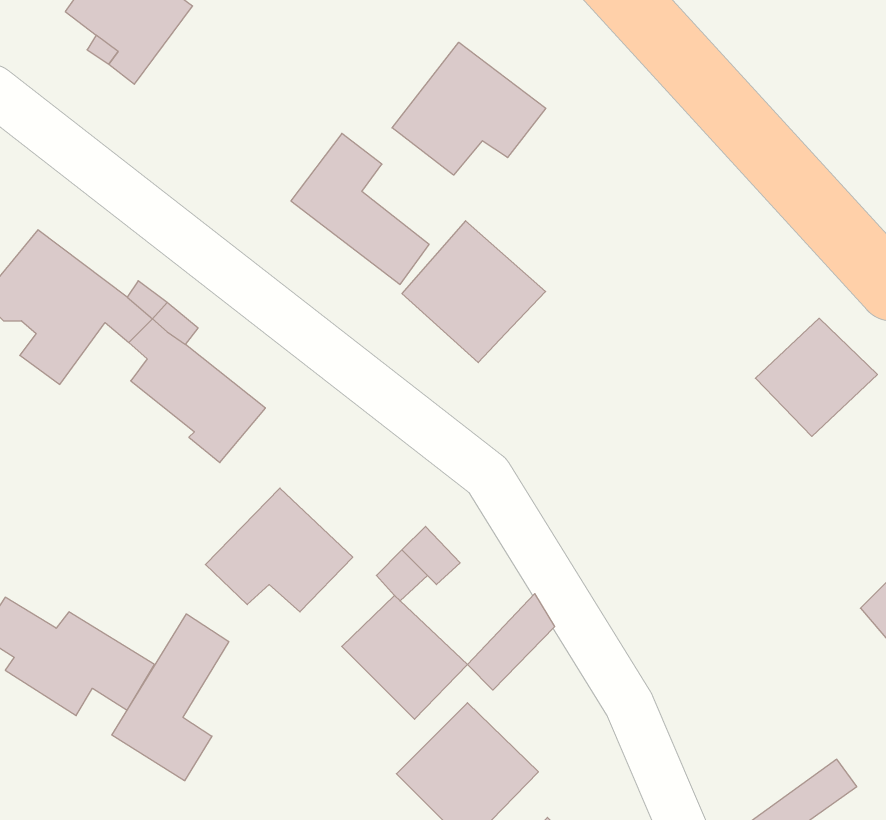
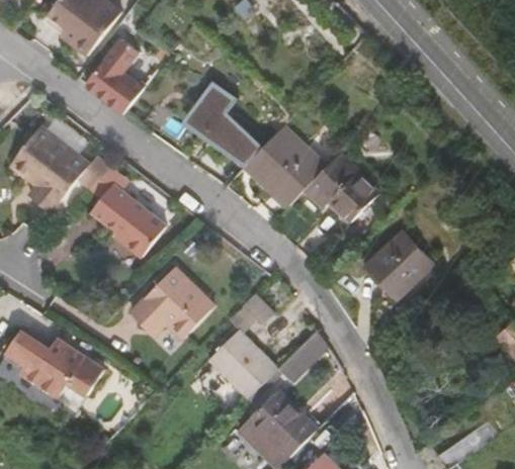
building: [392,42,546,175] -> none
building: none -> [82,35,147,115]
building: none -> [298,153,375,222]
building: [755,318,877,436] -> [364,234,432,300]
building: [112,614,229,781] -> none

